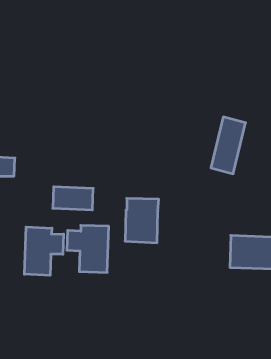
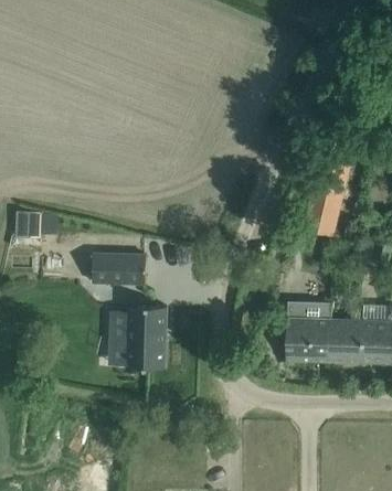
building: [125,198,159,243] -> [286,302,331,362]
building: [24,227,64,275] -> none

